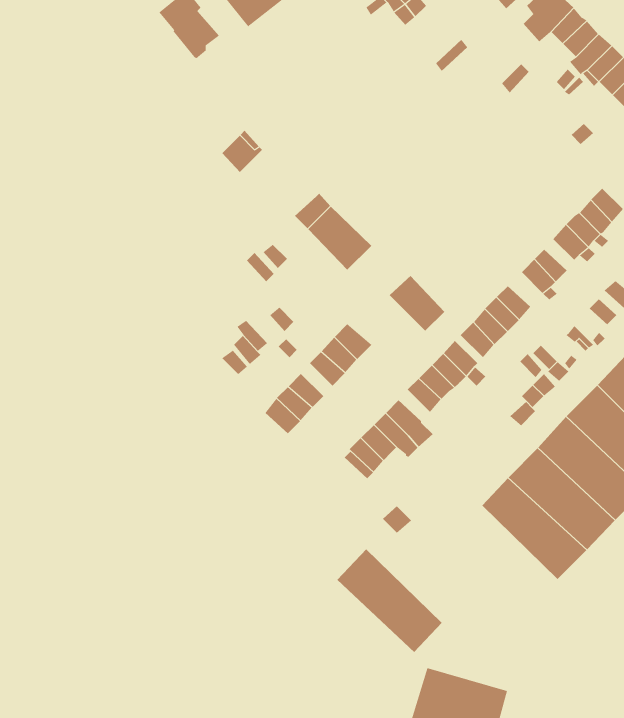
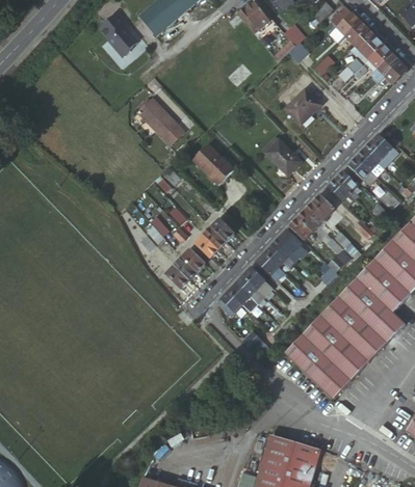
building: none -> [285,90,319,125]
building: none -> [151,110,183,144]
building: [389,275,445,332] -> [265,139,301,174]
building: [337,549,442,653] -> [284,333,351,399]

